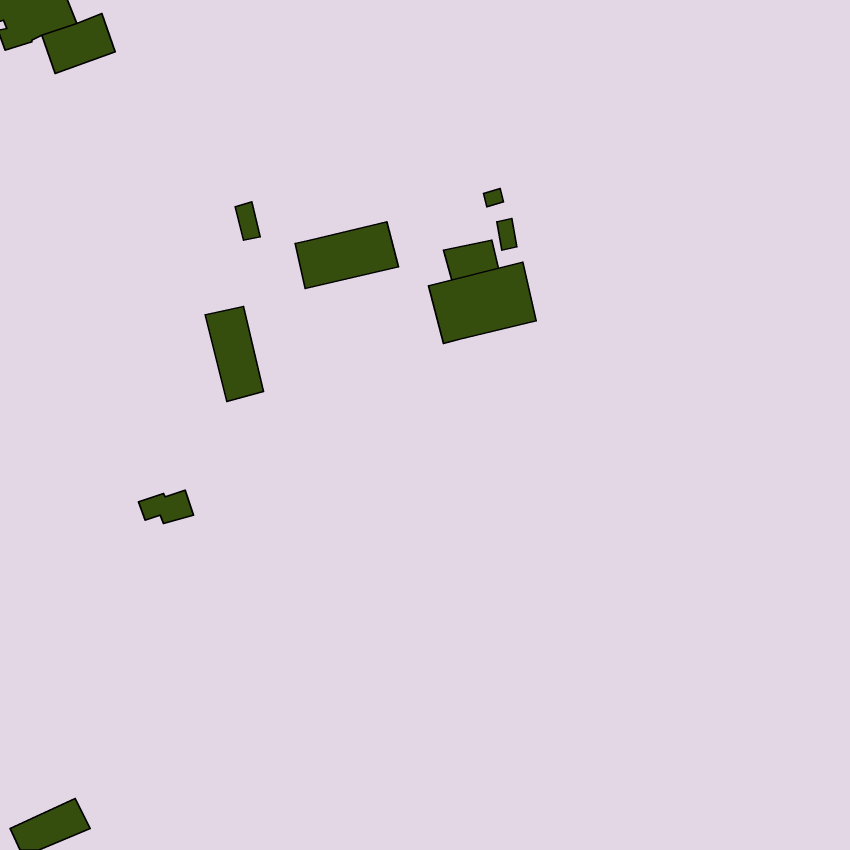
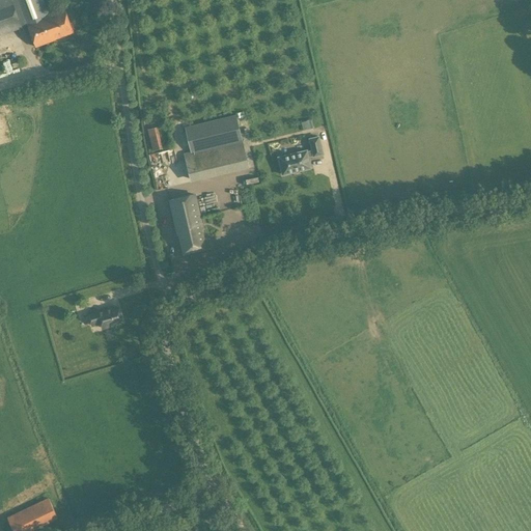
building: none -> [187,111,241,149]
building: [429,262,536,343] -> none
building: [205,307,264,402] -> [168,193,204,252]

